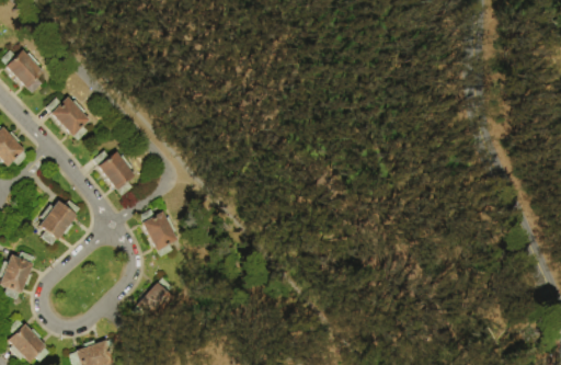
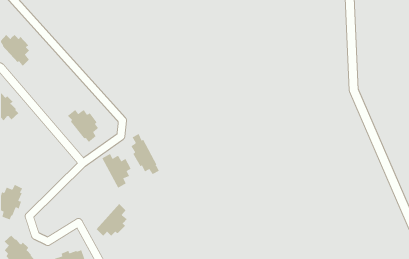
building: [46,96,89,141] -> none
building: none -> [131,133,160,175]
building: [39,201,80,246] -> none

